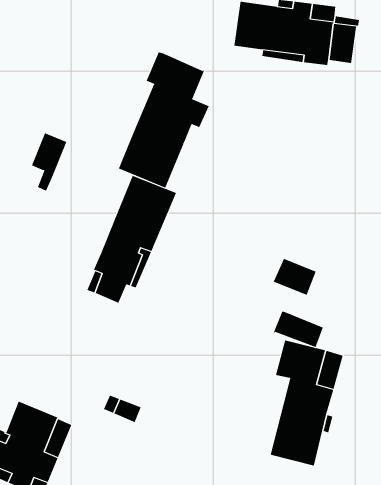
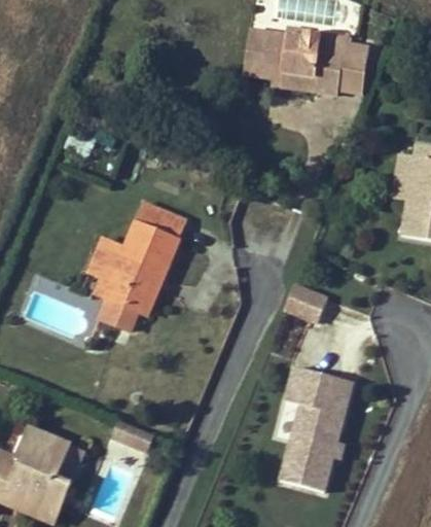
building: [118,51,209,188] -> none
building: [31,132,67,191] -> [88,239,124,297]
building: [273,311,324,348] -> none

